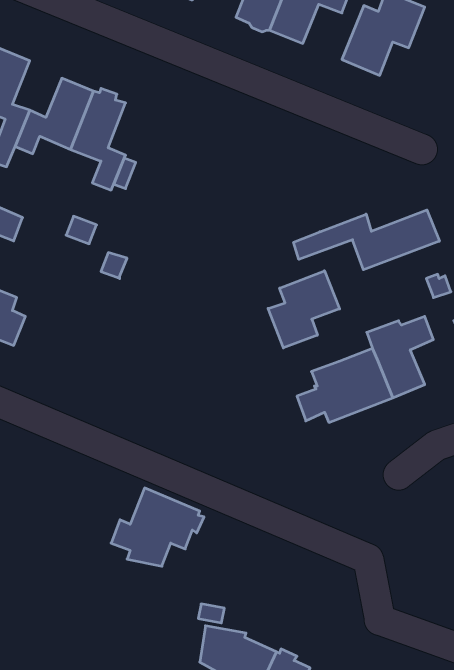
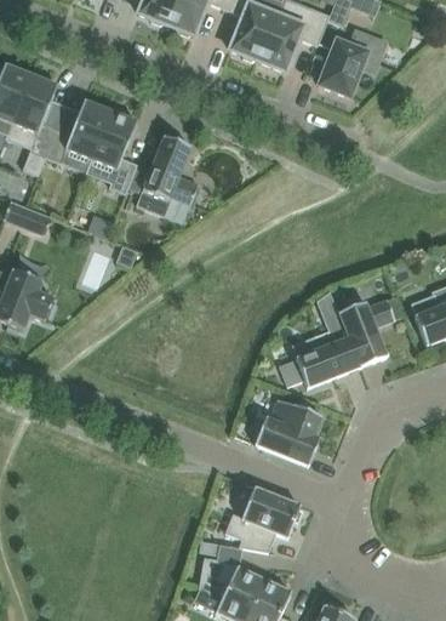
building: none -> [136,136,199,215]
building: [294,210,439,270] -> none
building: [268,271,340,348] -> none
building: none -> [255,397,321,465]
building: [111,488,204,566] -> [225,486,303,552]

